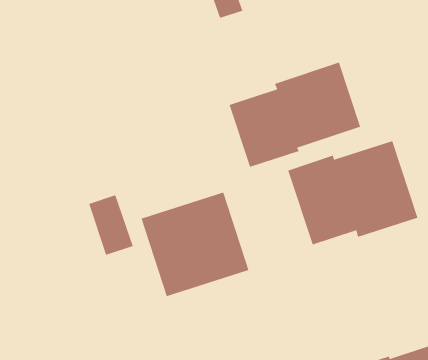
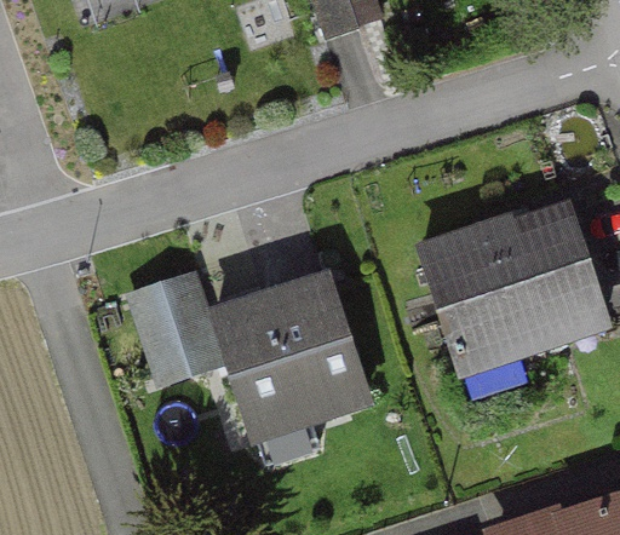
building: [229,61,361,168] -> none

